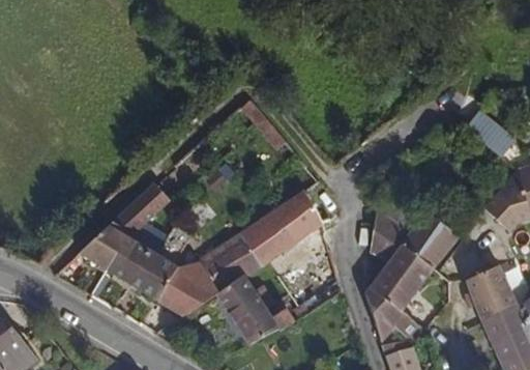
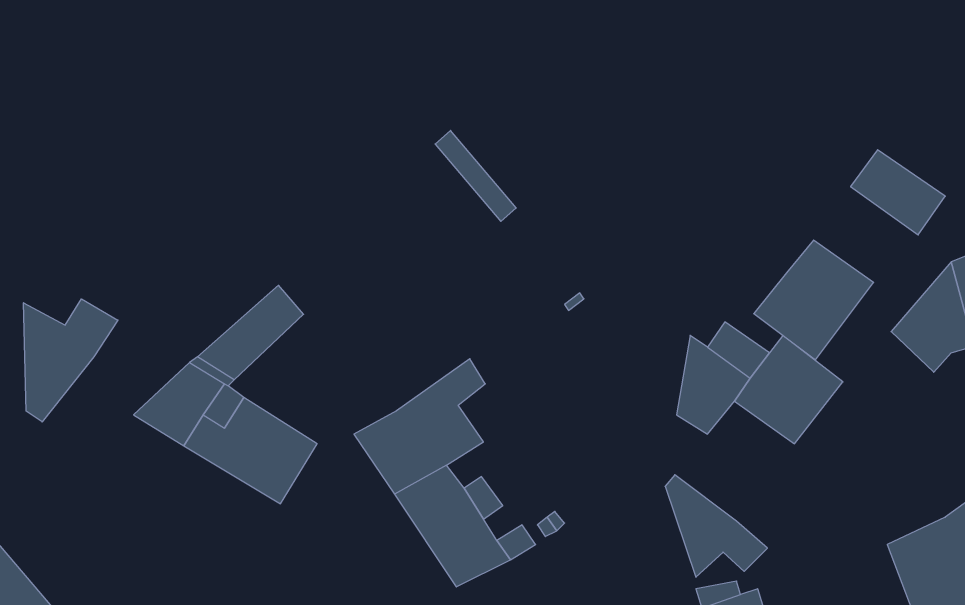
building: none -> [24,299,118,422]
building: [254,192,323,266] -> none
building: [370,245,434,309] -> [754,240,874,360]
building: [158,262,219,315] -> none
building: [467,265,514,321] -> none

